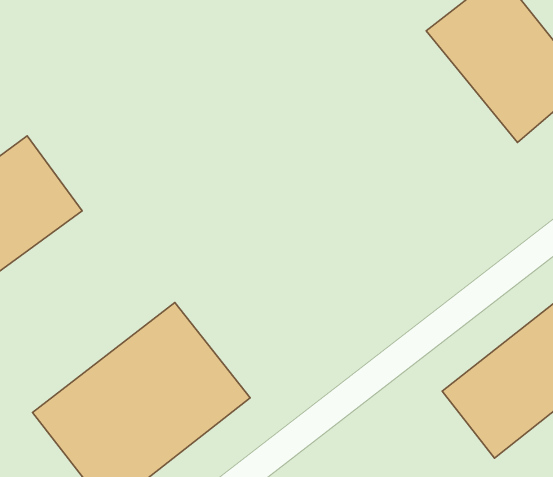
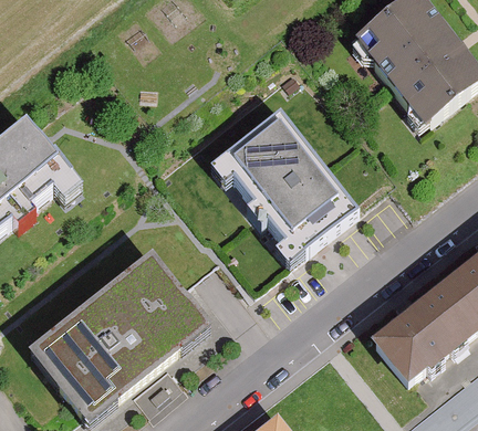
building: none -> [209,107,360,263]

